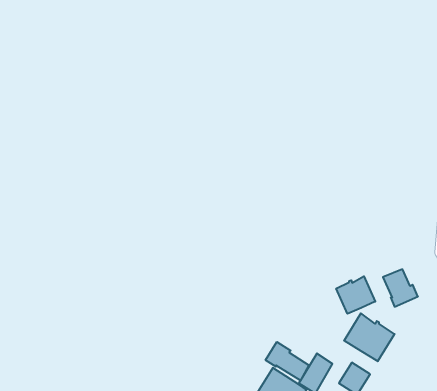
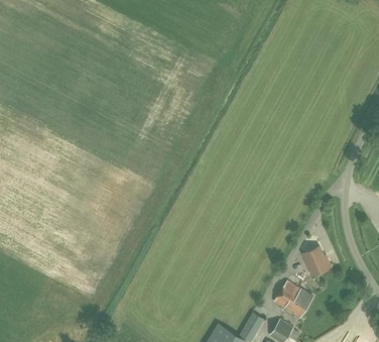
building: [336,276,375,314] -> none
building: [266,342,309,381] -> none

